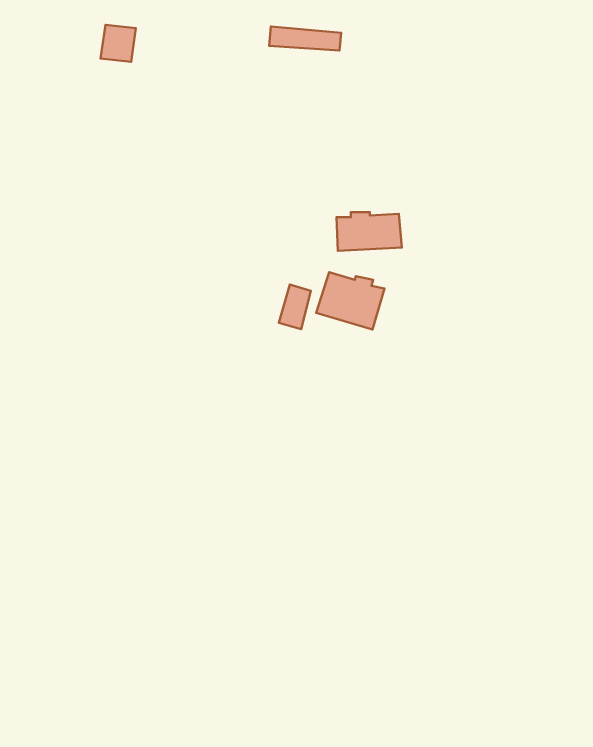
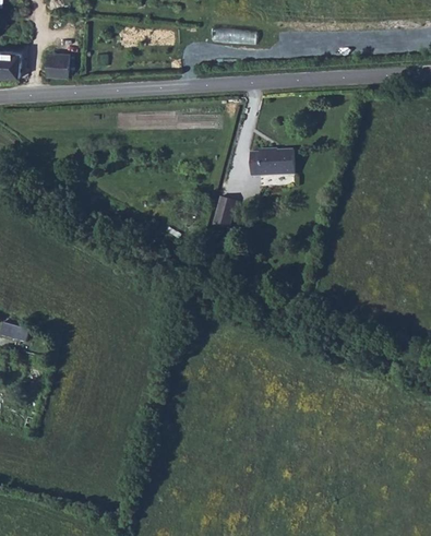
building: [101,25,136,62] -> [44,50,68,75]
building: [316,272,384,329] -> none

